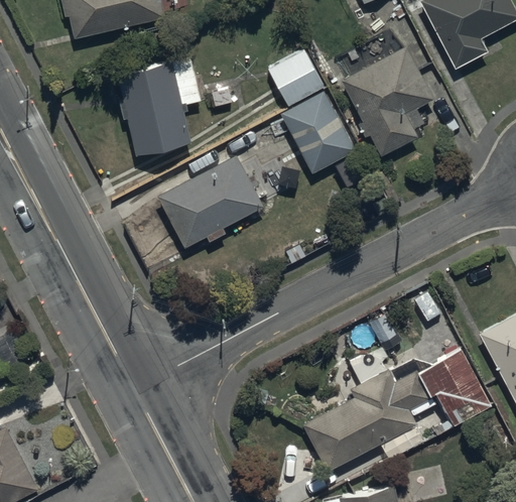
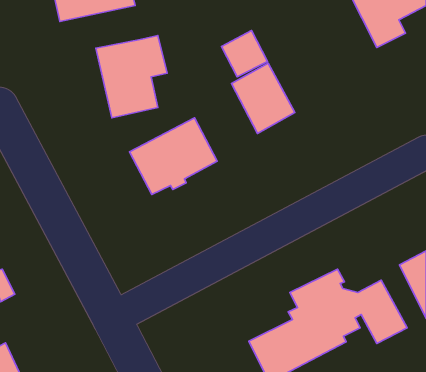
building: [342,46,432,155] -> none

